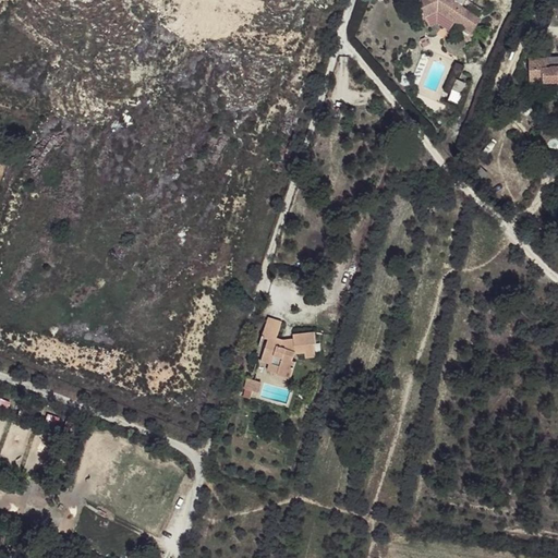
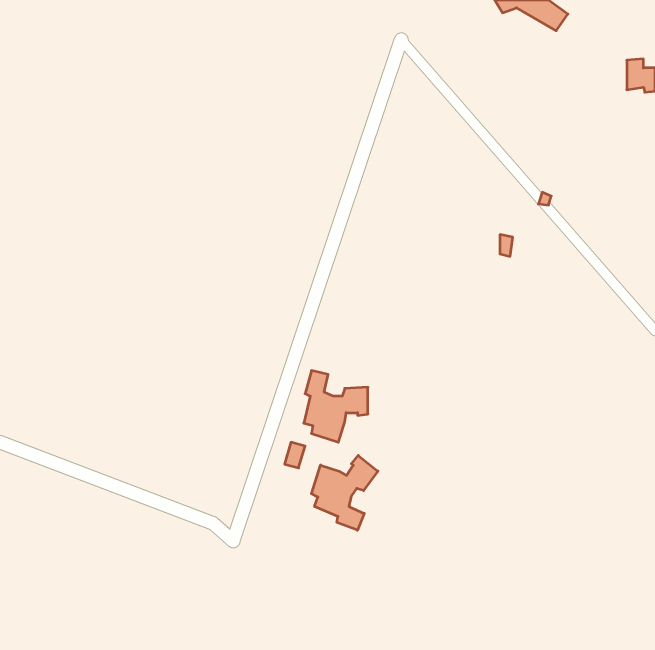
building: none -> [311,455,378,530]

